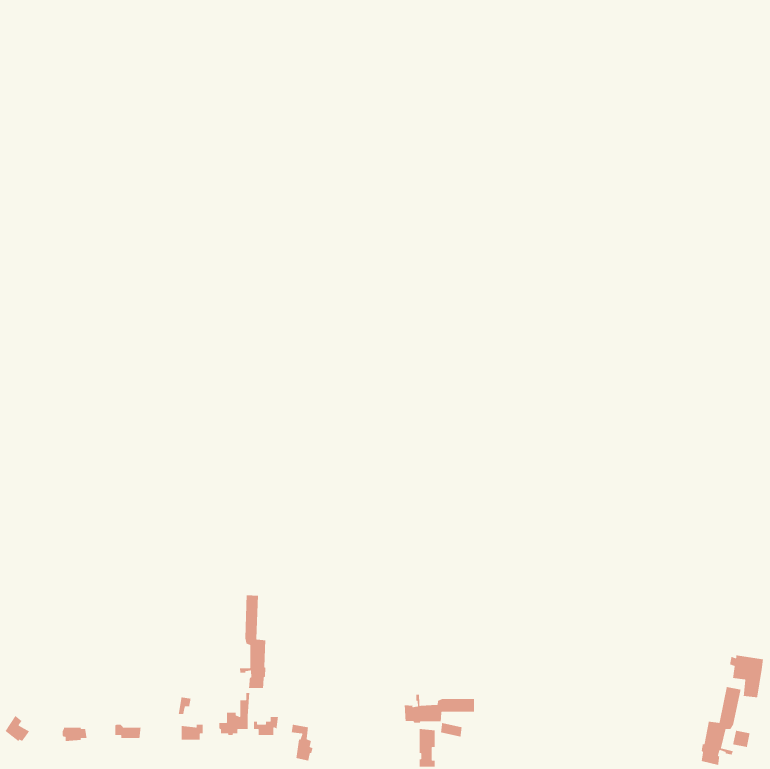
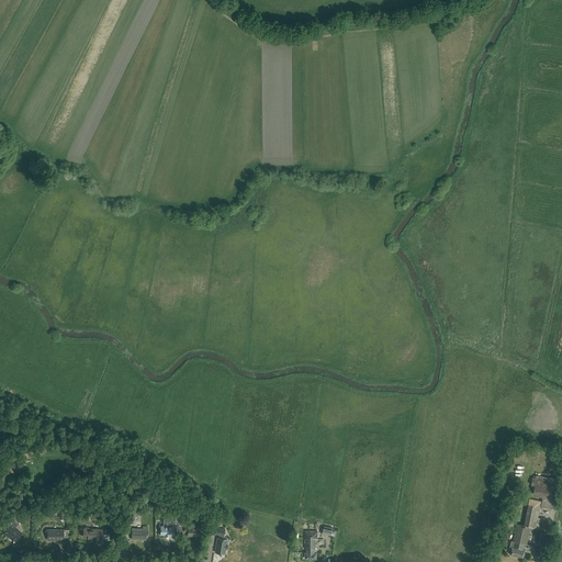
building: [239,595,266,689] -> none
building: [404,694,475,724] -> none

